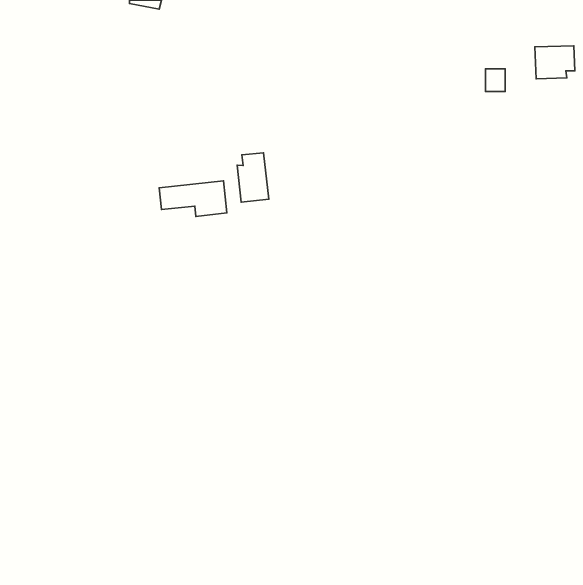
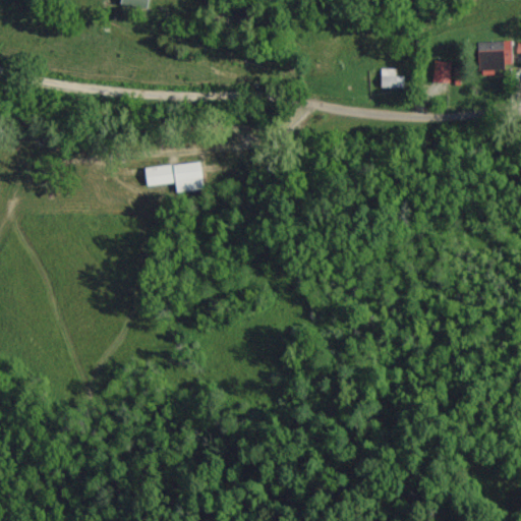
building: none -> [381,68,405,88]
building: [237,153,269,202] -> none

